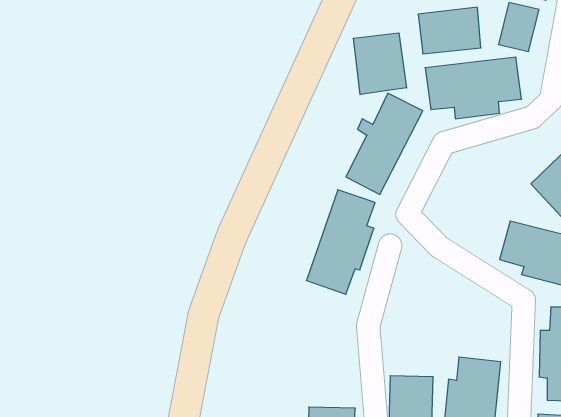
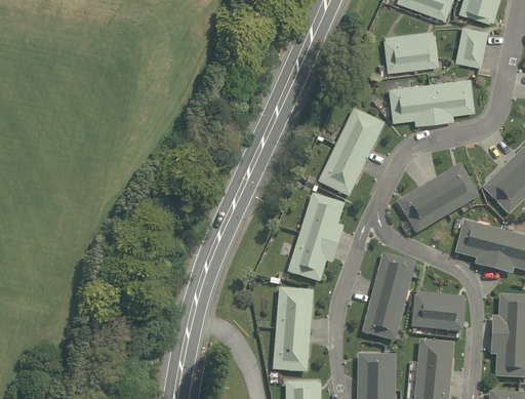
building: [353,33,406,95] -> none
building: none -> [395,162,478,233]
building: none -> [360,251,414,342]
building: none -> [274,288,316,371]
building: none -> [413,290,468,332]

